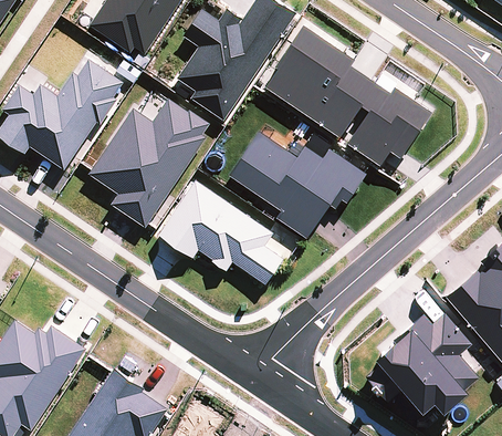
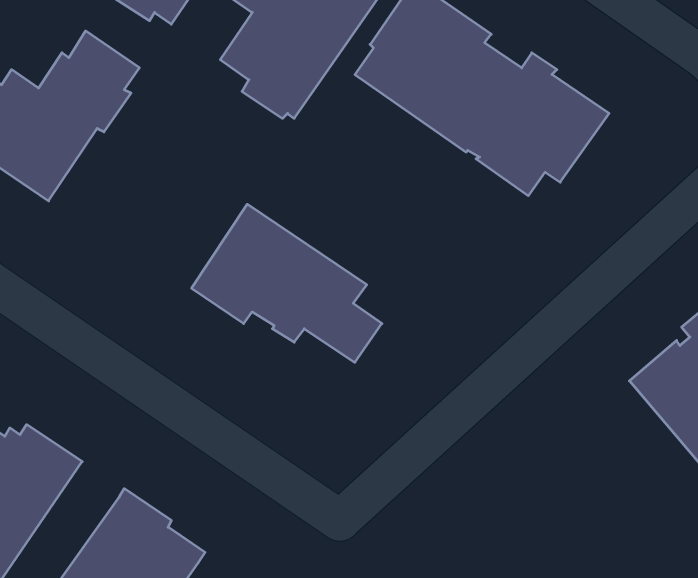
building: [88,94,210,224] -> none
building: [228,127,366,233] -> none
building: [365,309,479,403] -> none

